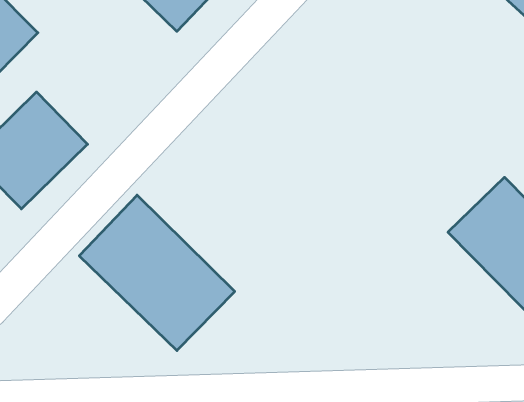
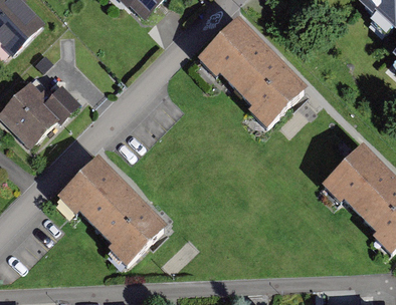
building: none -> [203,12,314,123]

